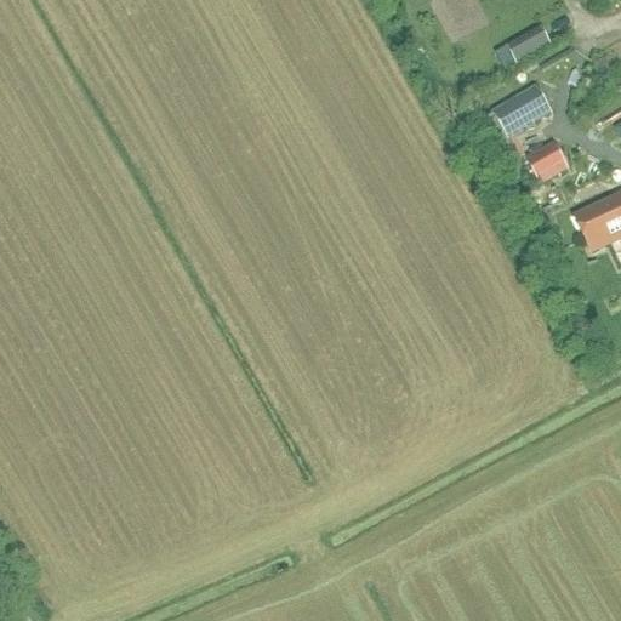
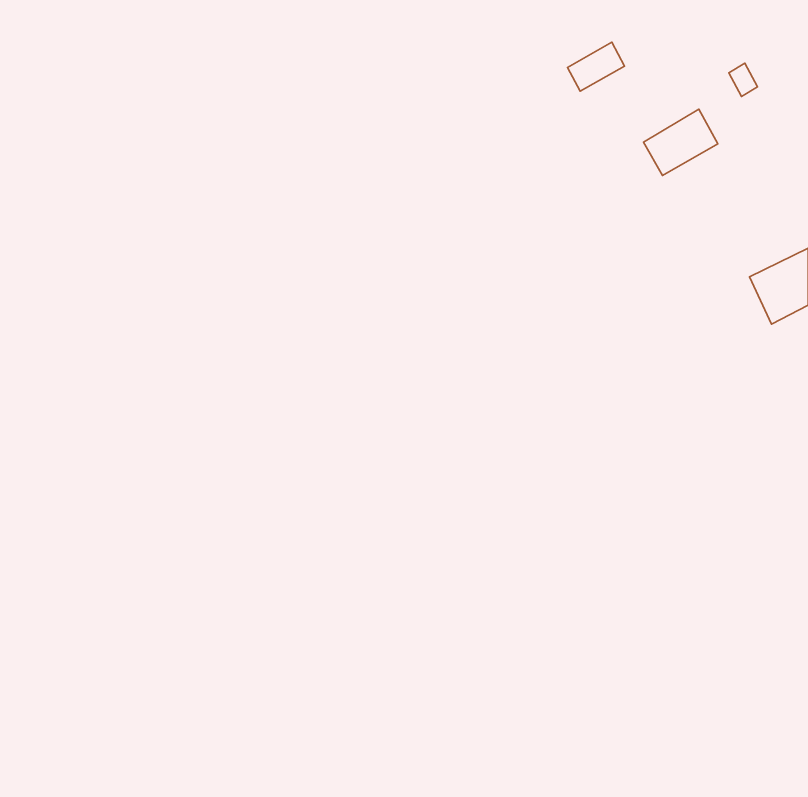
building: [507,23,551,61] -> [568,42,625,91]
building: [526,139,568,181] -> none

